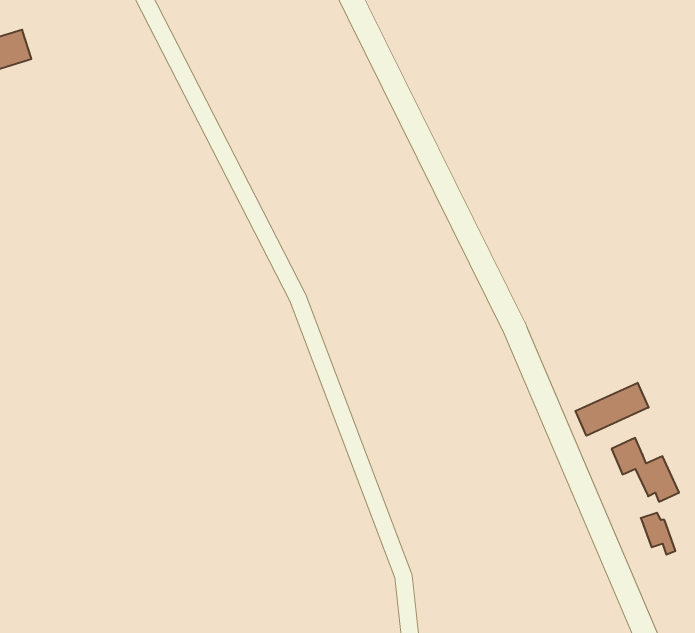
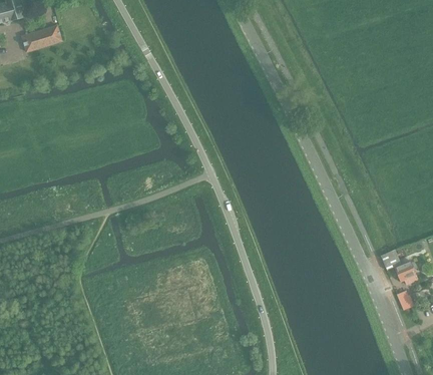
building: [575,383,649,436] -> none

